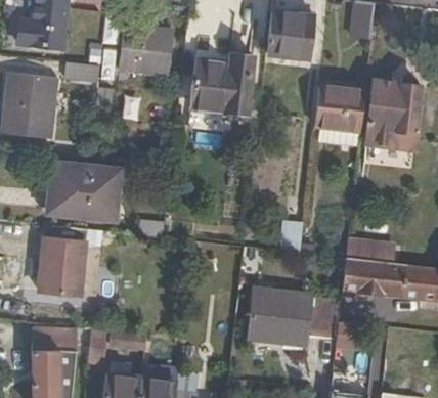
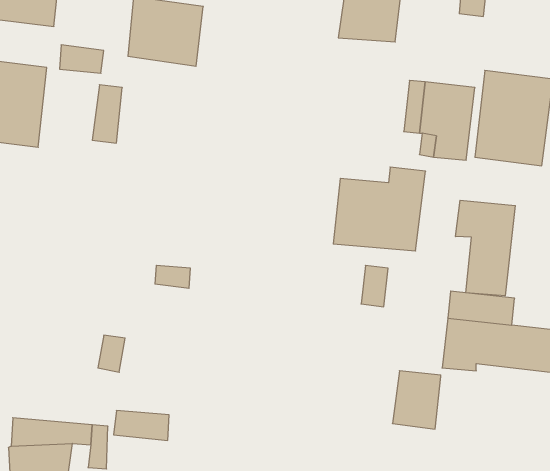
building: [192,54,259,115] -> [333,167,426,251]
building: [53,163,116,222] -> none
building: none -> [456,200,515,296]
building: [33,236,85,297] -> none
building: [249,289,311,345] -> none

